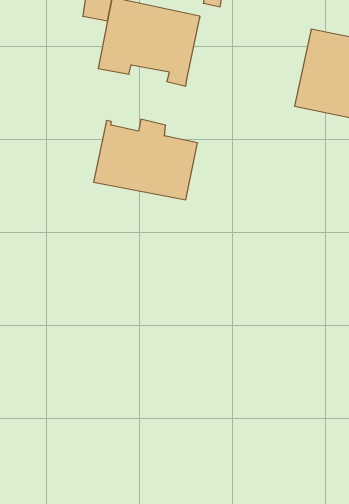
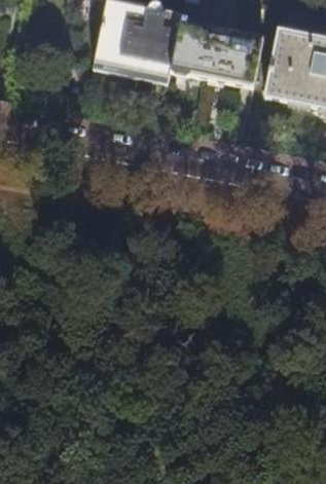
building: [93,119,198,200] -> [172,16,262,86]

